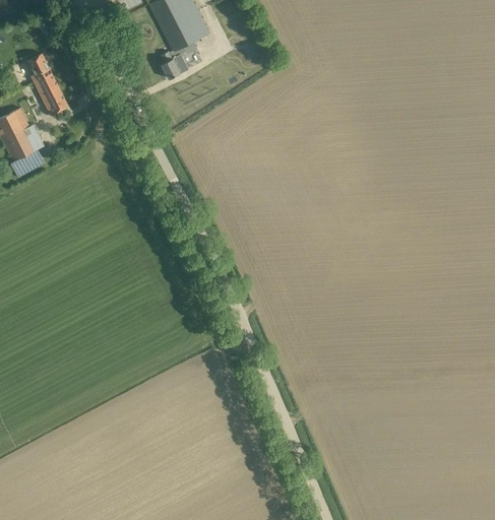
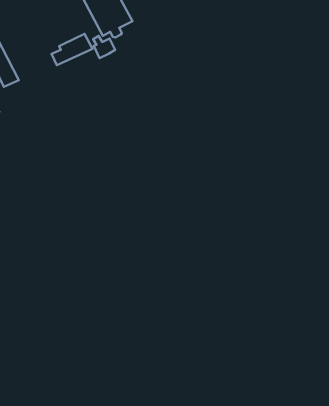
building: none -> [52,34,93,65]

